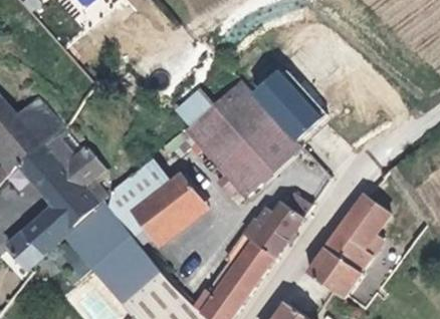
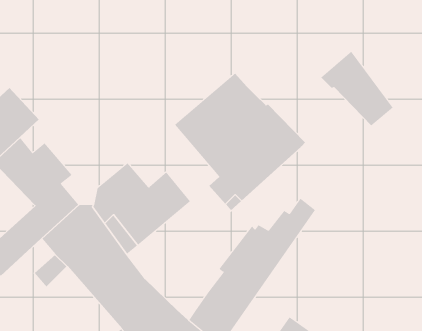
building: [256,76,322,144] -> [320,51,393,126]
building: [308,196,386,295] -> none

